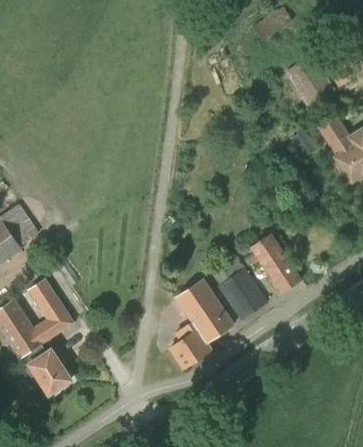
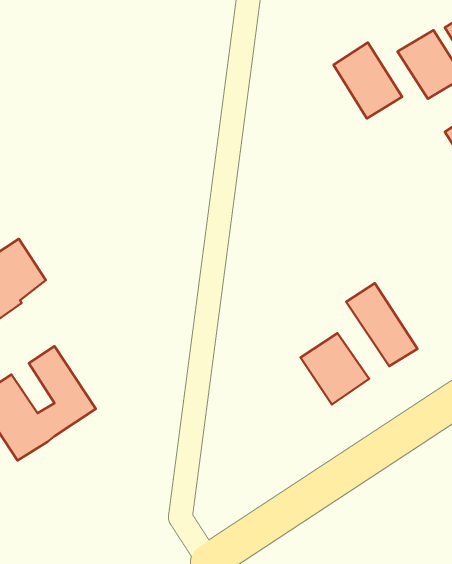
building: none -> [334,43,402,118]
building: [169,279,234,370] -> none
building: [20,346,70,393] -> none

